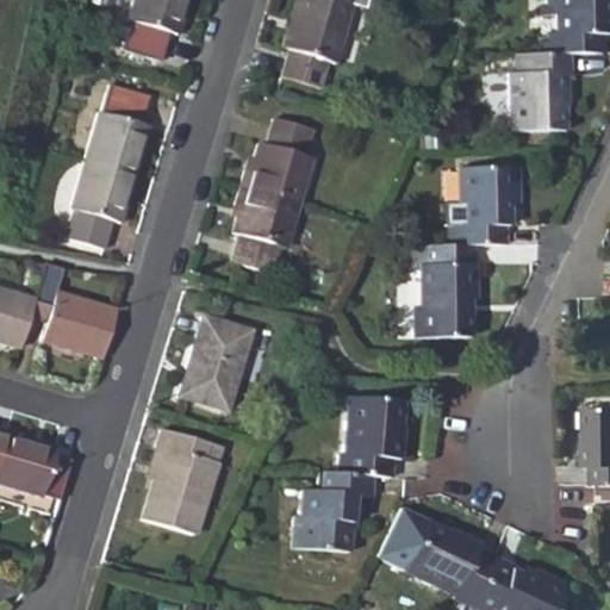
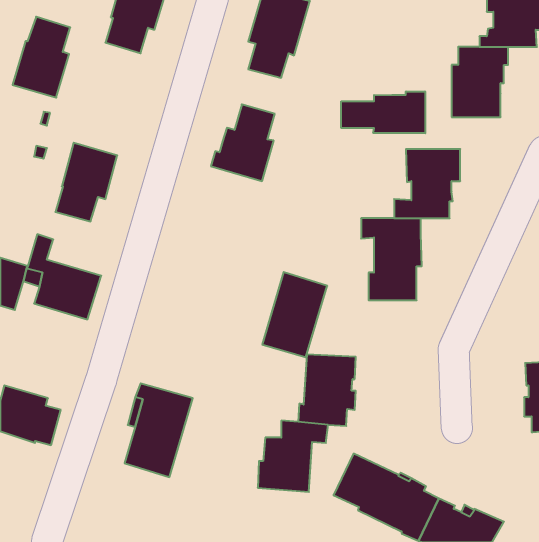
building: [88,83,152,174] -> [13,17,70,98]
building: none -> [341,91,425,133]
building: [234,186,299,273] -> none
building: [180,315,253,410] -> [262,272,327,357]

